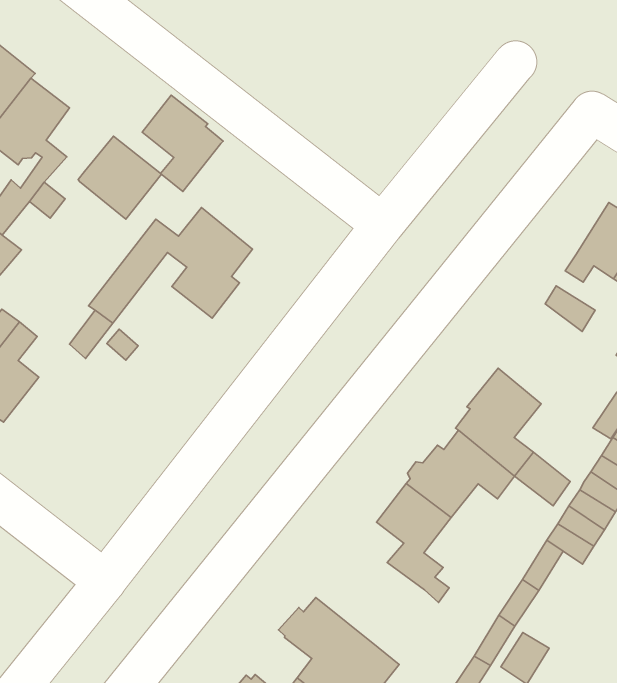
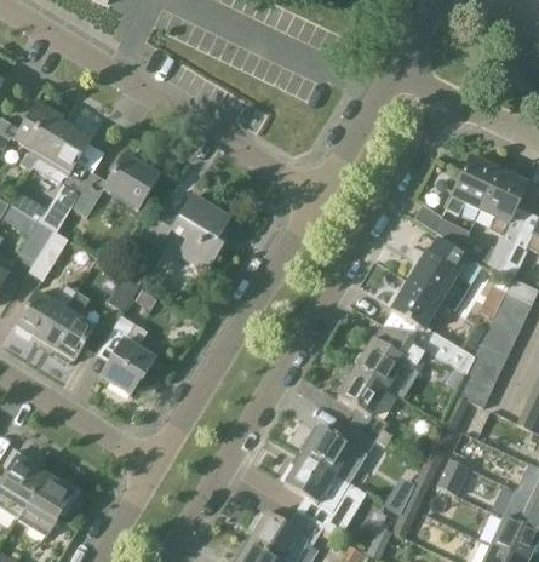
building: [142,95,223,192] -> none
building: none -> [408,237,482,300]
building: none -> [97,315,154,394]
building: none -> [300,423,377,482]

